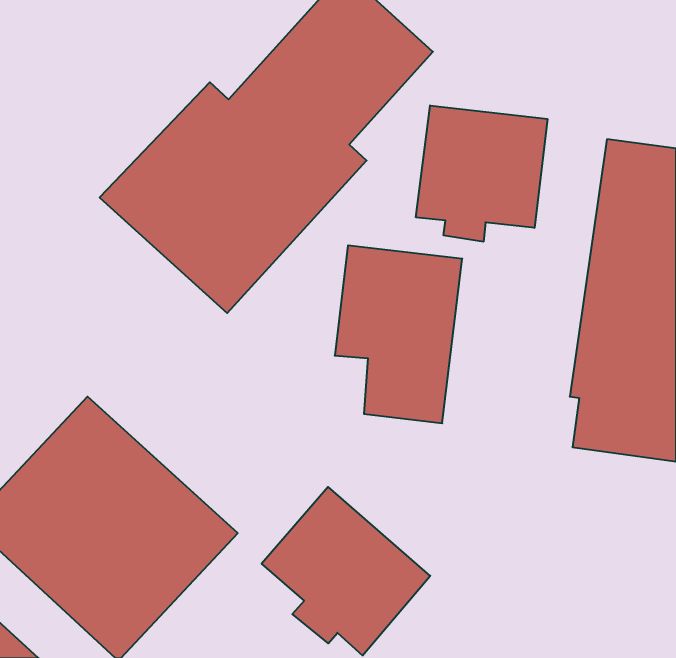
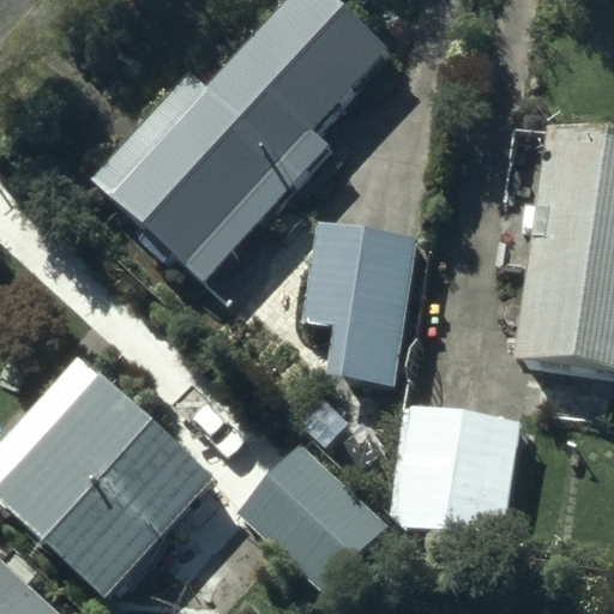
building: [416,105,547,242] -> none
building: none -> [392,402,520,538]

